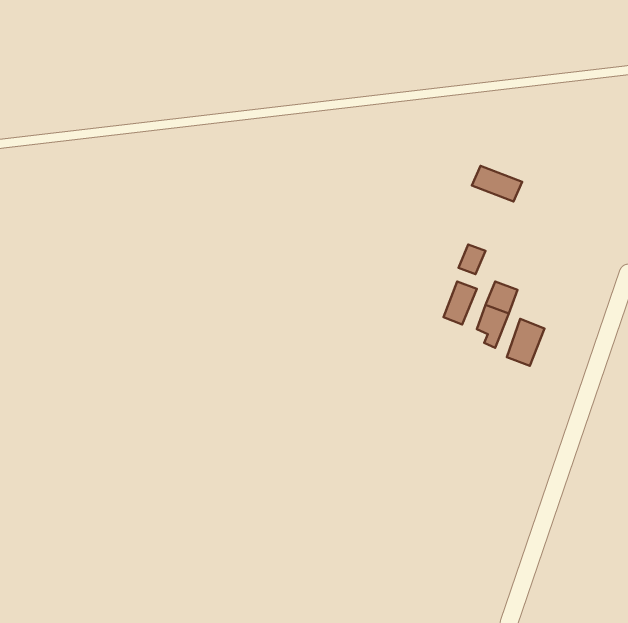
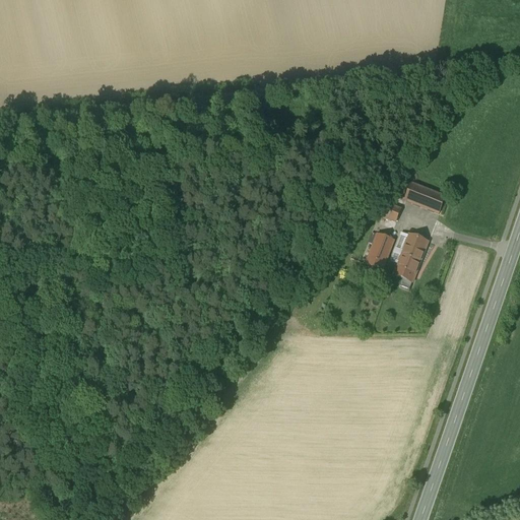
building: [472,166,522,202] -> [404,182,446,211]
building: [507,319,544,366] -> none

